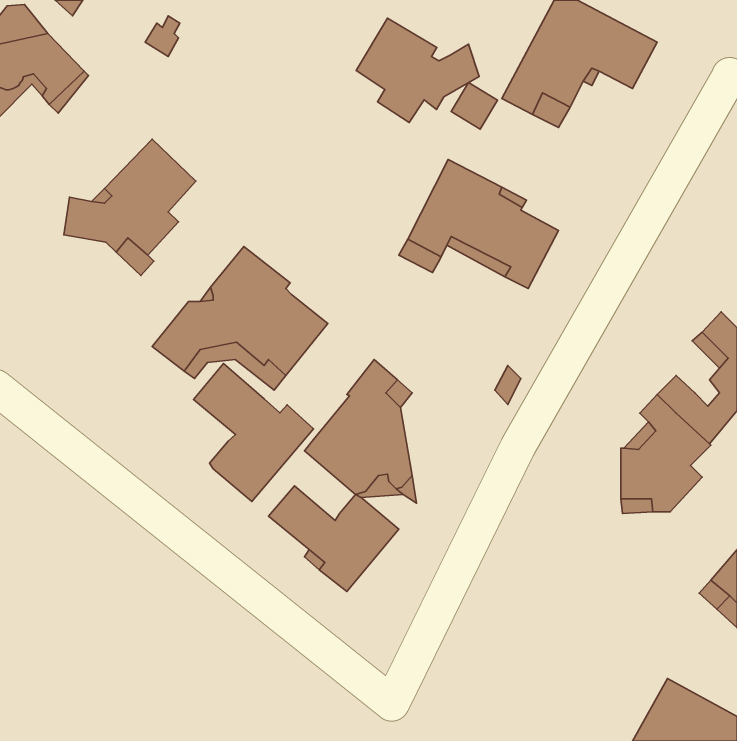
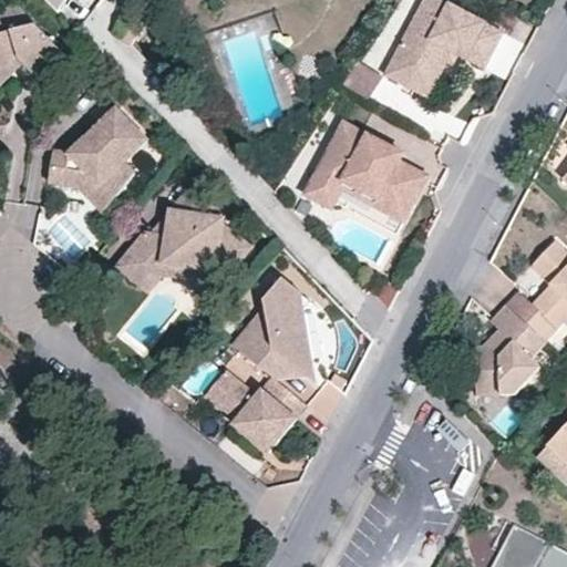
building: [356,18,479,122] -> none
building: [193,363,314,501] -> none

